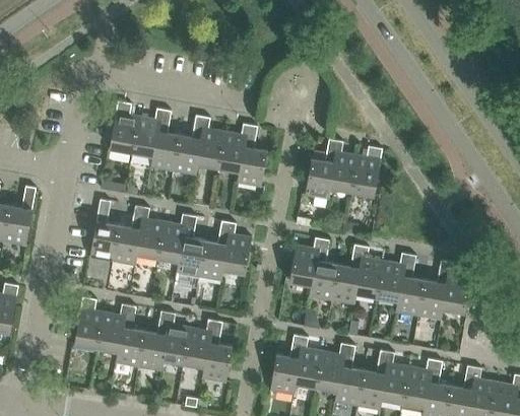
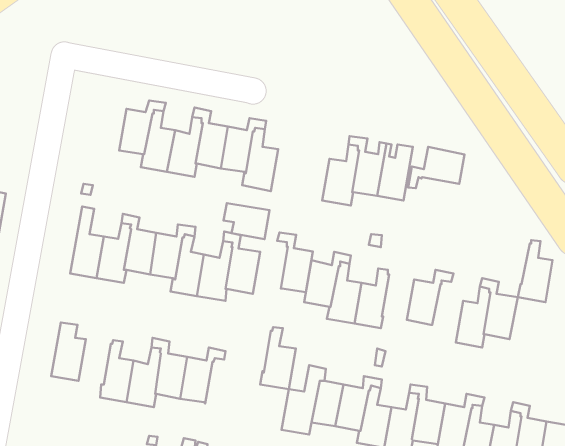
building: [109,102,138,152] -> none
building: none -> [408,147,465,188]
building: none -> [223,203,270,239]
building: [352,246,383,296] -> [277,233,313,292]
building: [395,263,425,316] -> [518,240,553,302]
building: [98,304,136,351] -> none
building: [202,329,233,382] -> [260,327,296,389]

